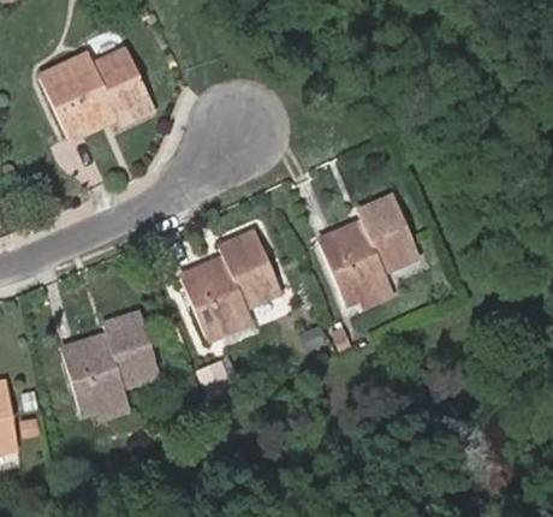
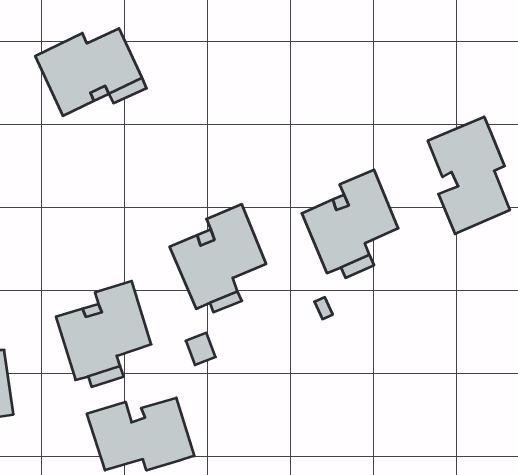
building: none -> [428,117,510,234]
building: none -> [87,398,194,470]

